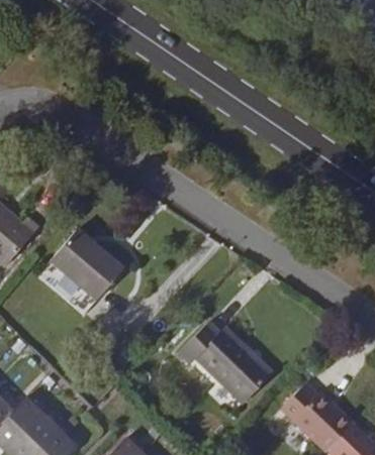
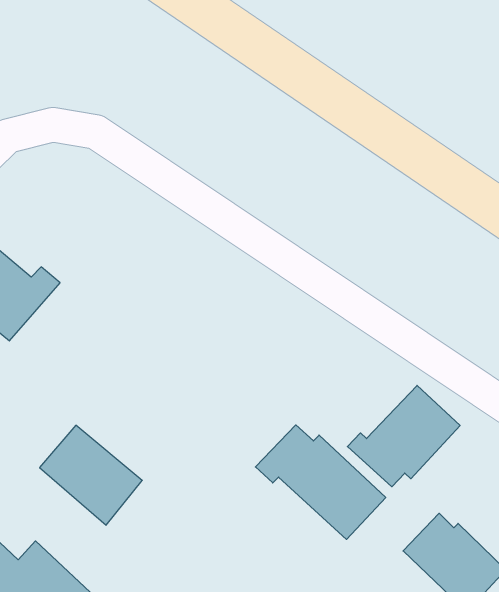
building: [50,231,121,301] -> [40,425,142,525]
building: none -> [347,385,460,487]

